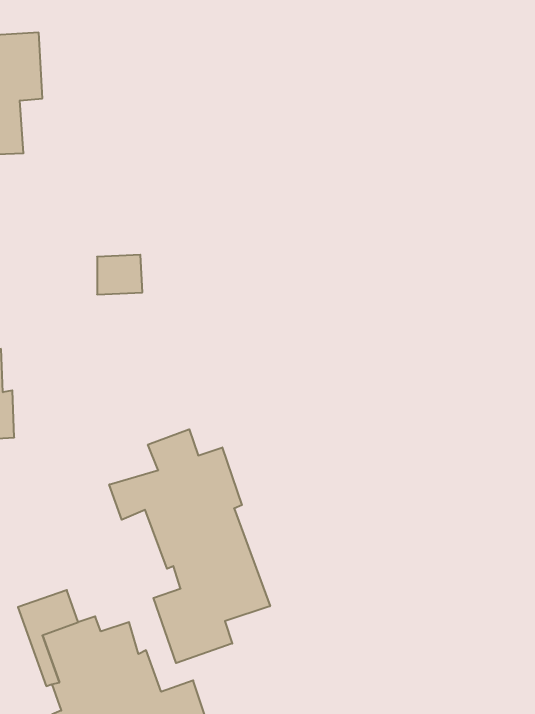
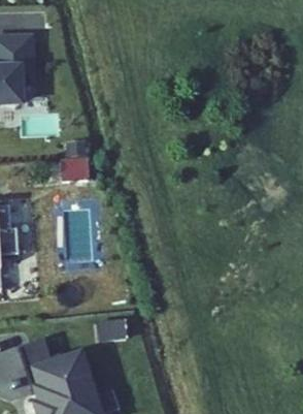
building: [109,429,270,663] -> none

